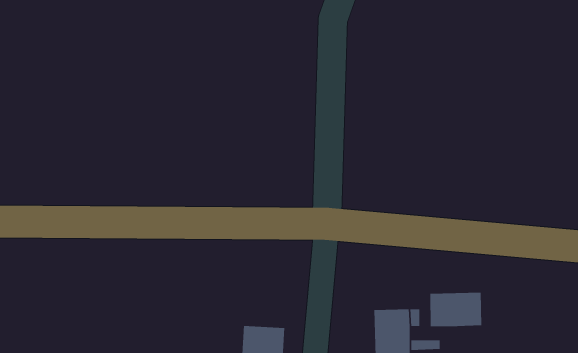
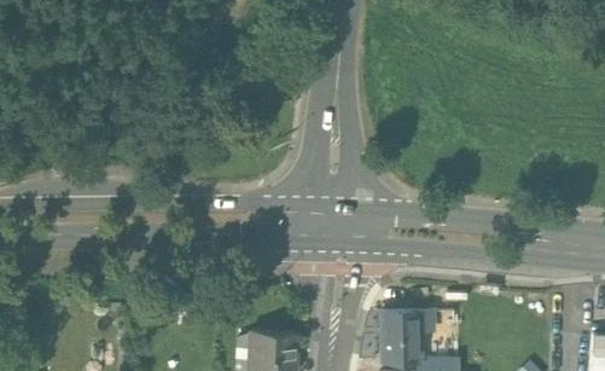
building: [430,292,482,327] -> none

